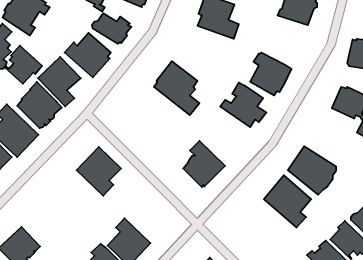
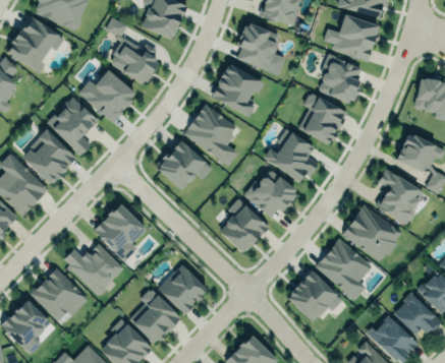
building: none -> [319,53,361,103]
building: none -> [212,64,263,116]
building: [5,45,42,84] -> none
building: none -> [157,141,211,190]
building: none -> [375,169,424,225]
building: none -> [242,170,295,217]
building: none -> [64,243,123,295]
building: none -> [158,264,206,314]
building: none -> [31,267,84,320]
building: none -> [287,269,342,321]

